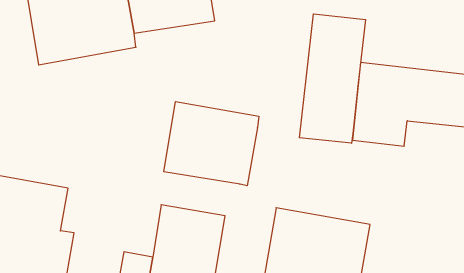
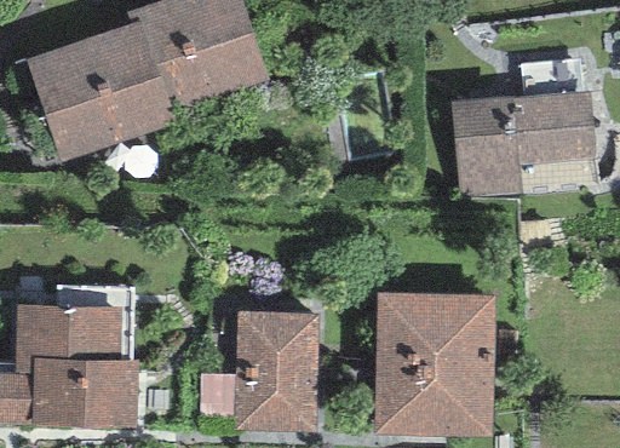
building: [299,14,366,143] -> none
building: [164,102,259,186] -> none

